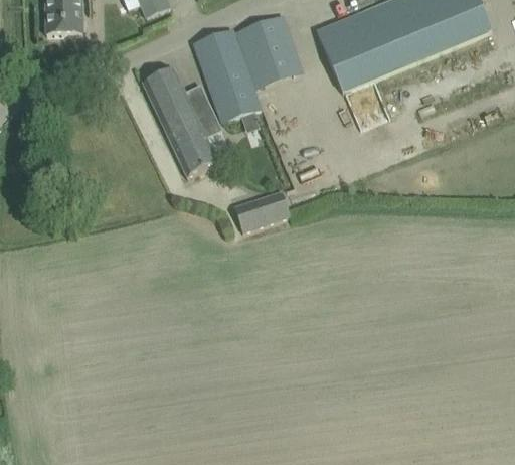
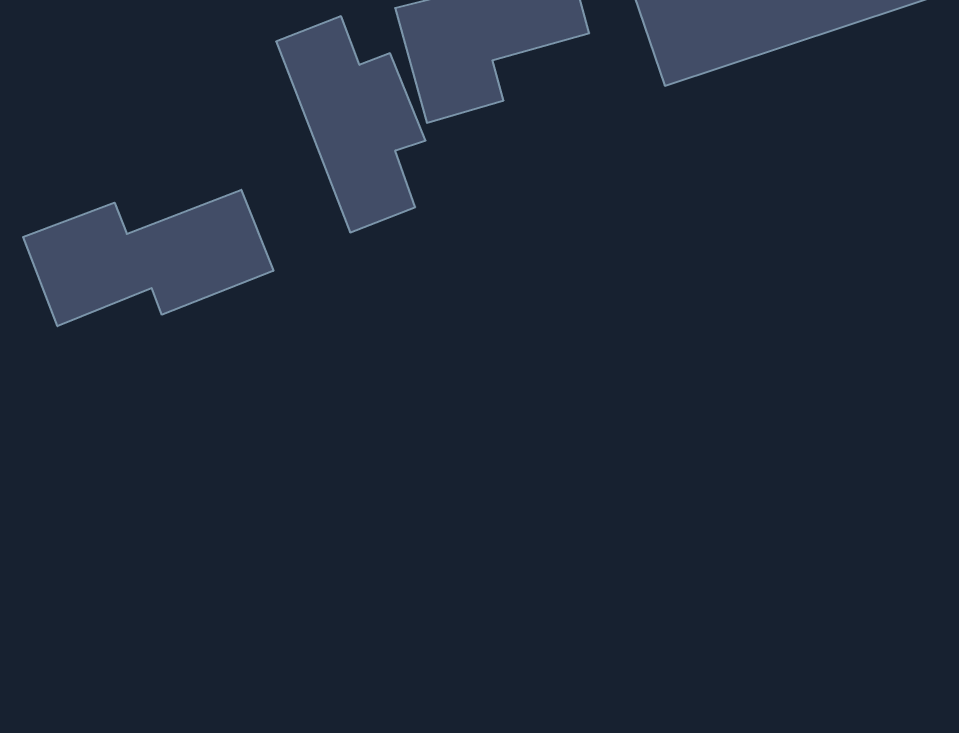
building: none -> [23,190,273,326]
building: [233,188,290,231] -> none

